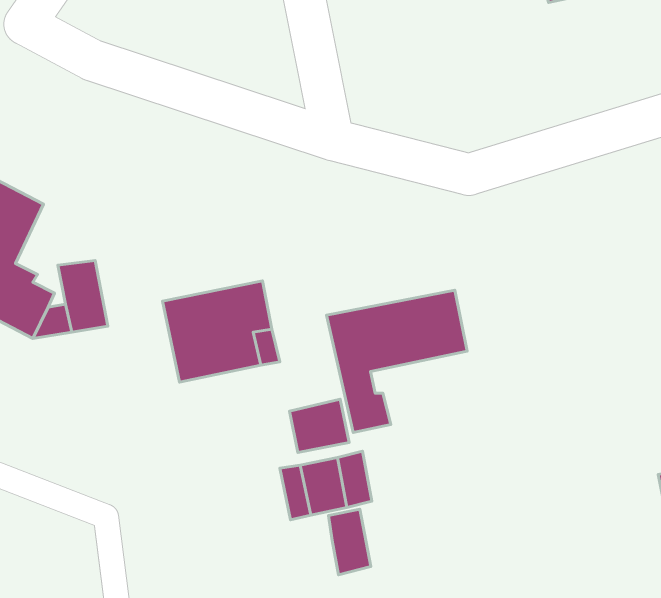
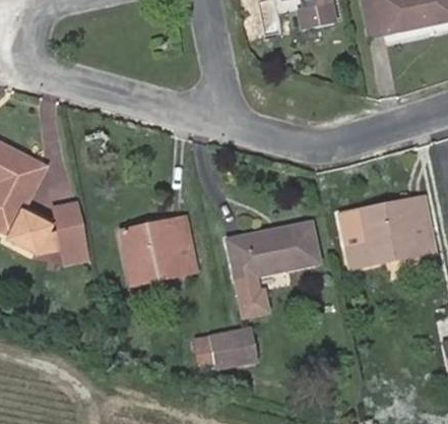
building: none -> [345,199,432,267]
building: [289,399,349,453] -> none
building: [328,509,371,575] -> none

